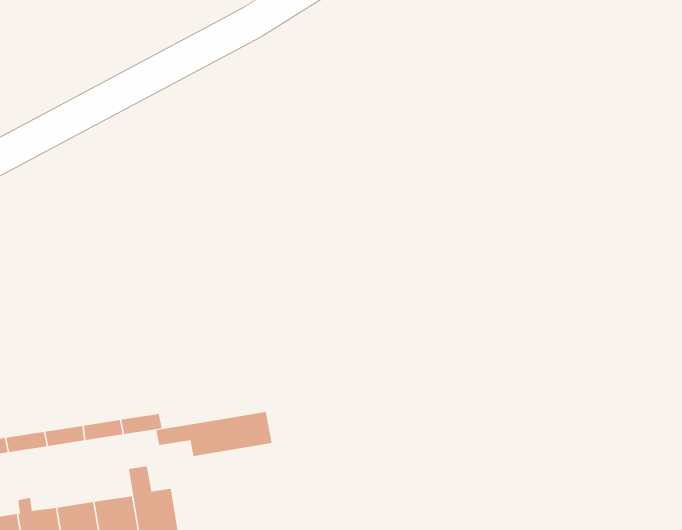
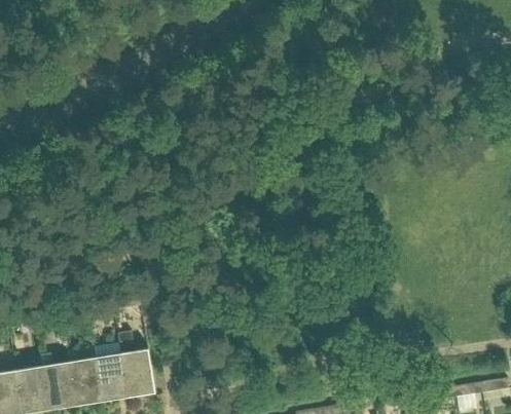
building: [156,411,272,457] -> none

